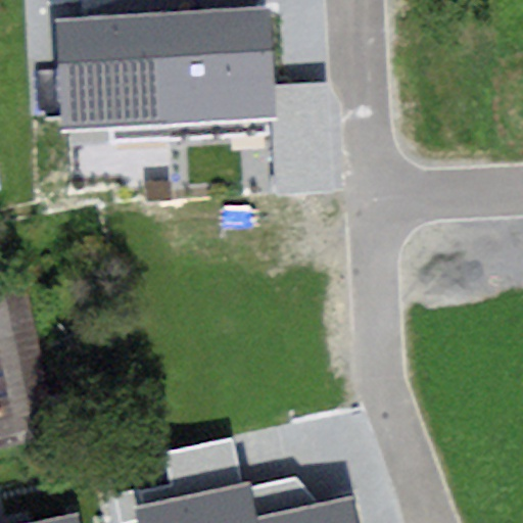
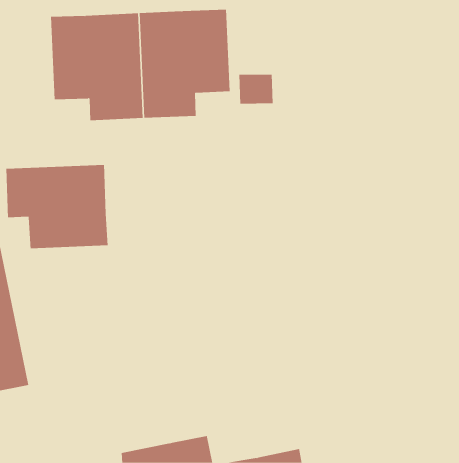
building: none -> [6,164,108,249]

